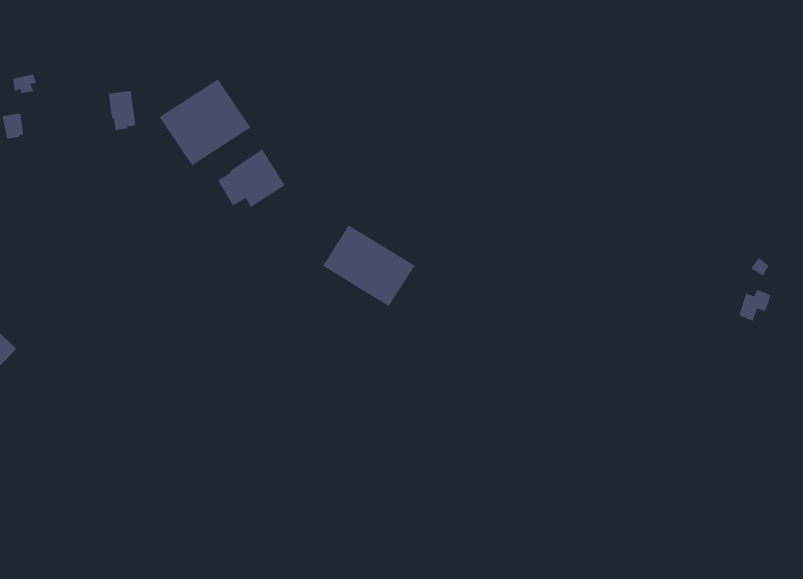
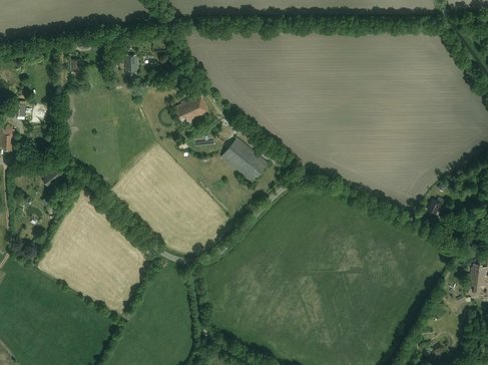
building: [159,78,251,166] -> none

